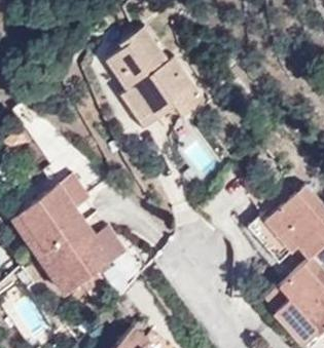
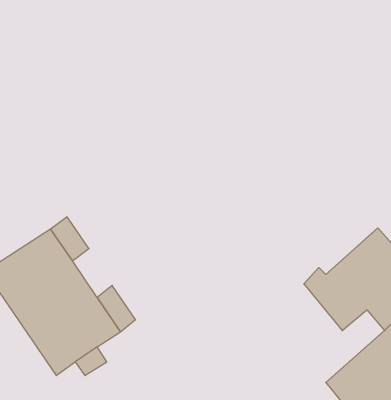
building: [108,27,206,128] -> none

